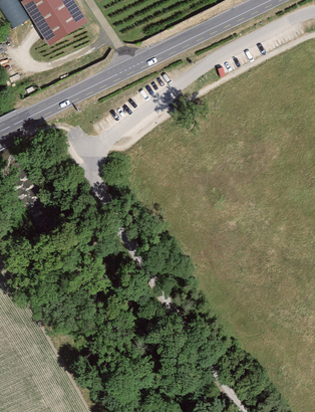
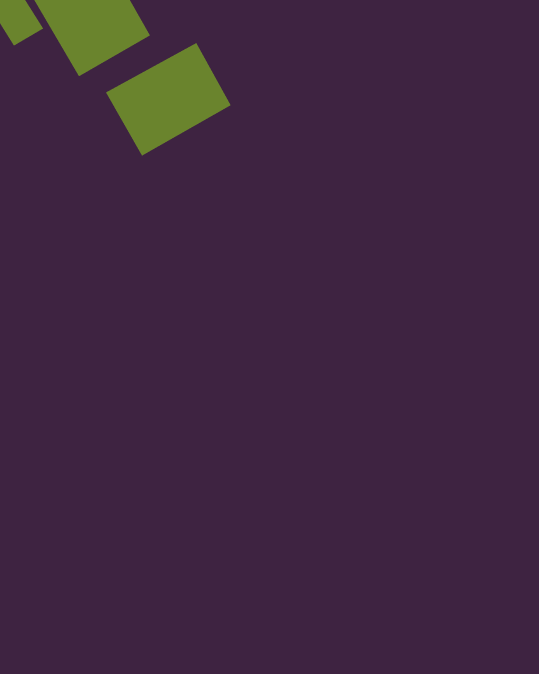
building: none -> [105,42,232,156]

